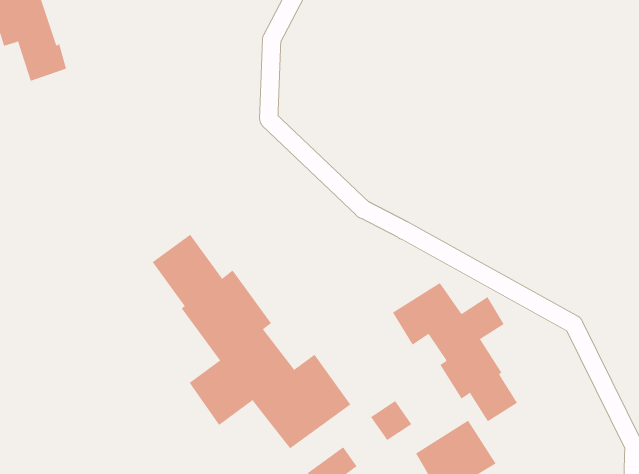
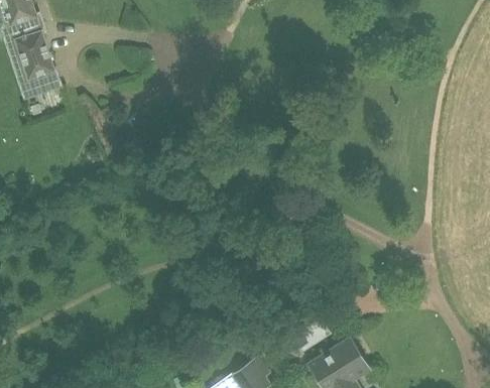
building: [152,234,351,449] -> none
building: [392,282,518,422] -> none

